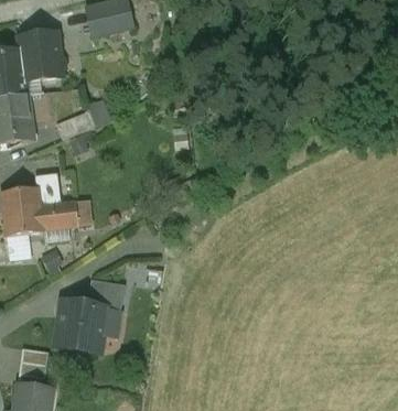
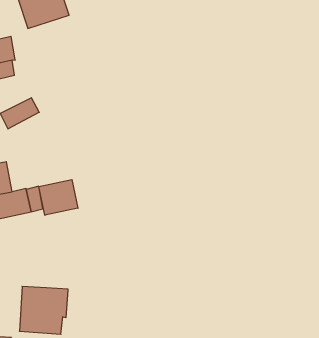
building: none -> [39,180,78,215]
building: [87,279,126,311] -> none

